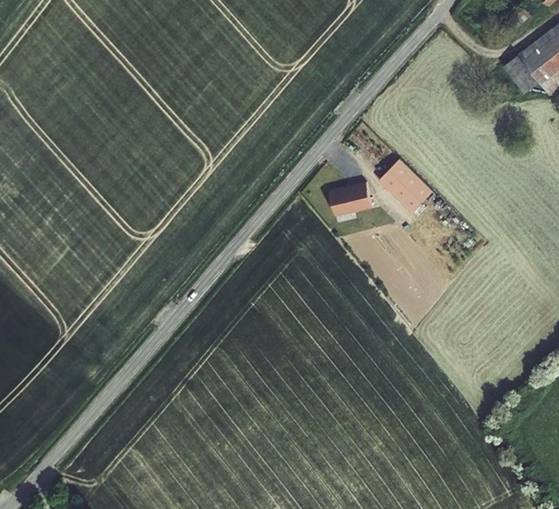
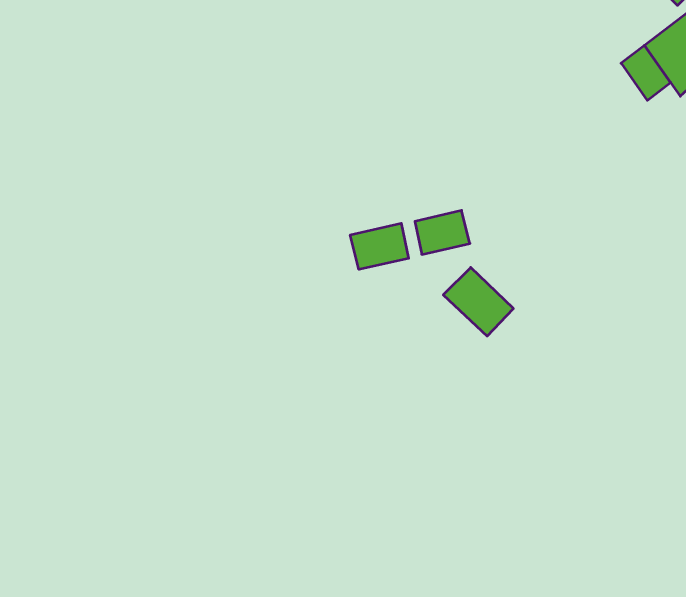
building: [379,159,435,214] -> [443,267,513,336]
building: none -> [350,223,409,269]

